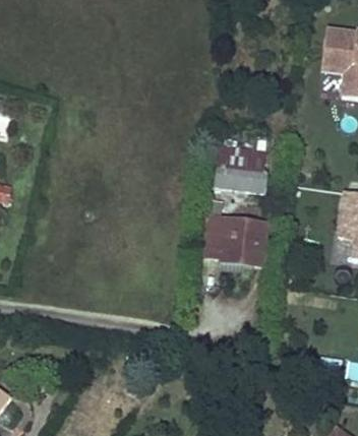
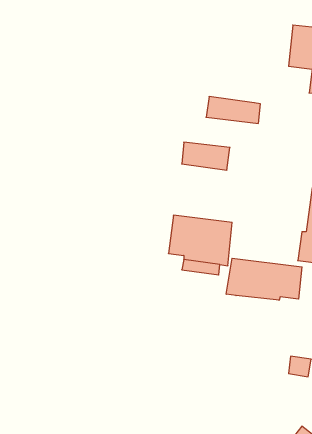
building: [214,167,267,193] -> [206,97,260,123]
building: none -> [226,258,302,300]

